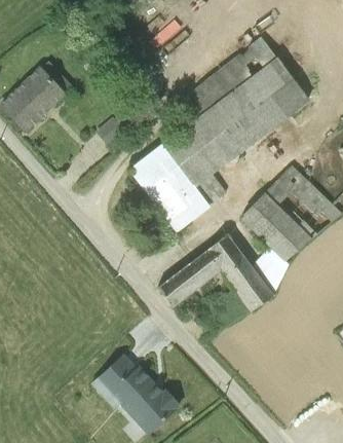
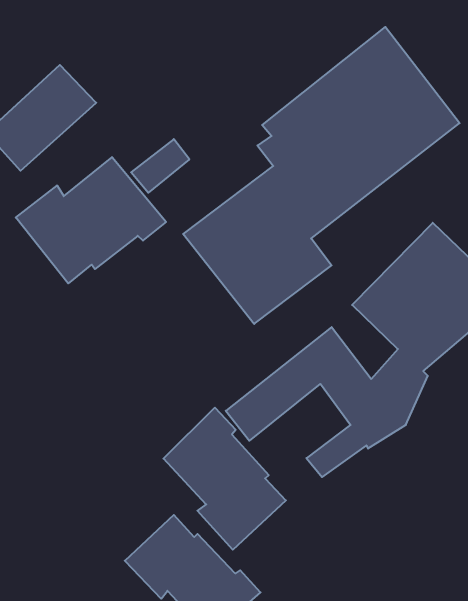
building: none -> [16,157,166,283]
building: none -> [163,408,286,550]

